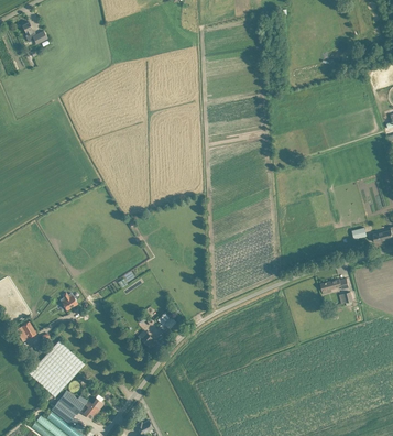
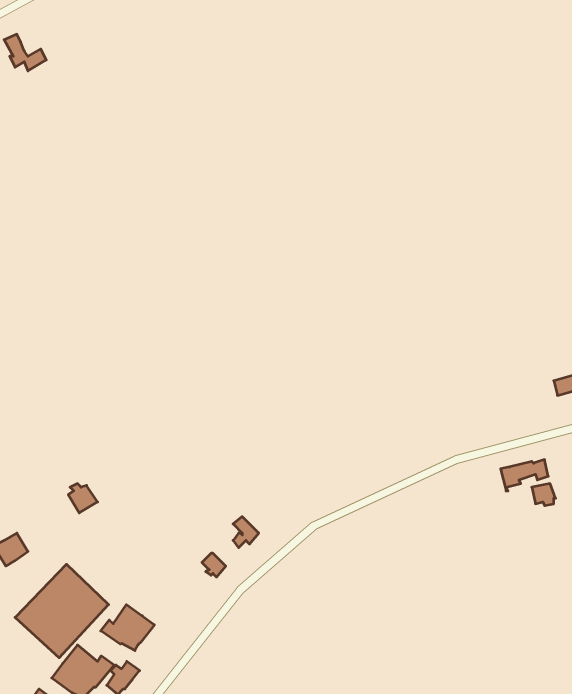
building: none -> [101,605,154,651]

